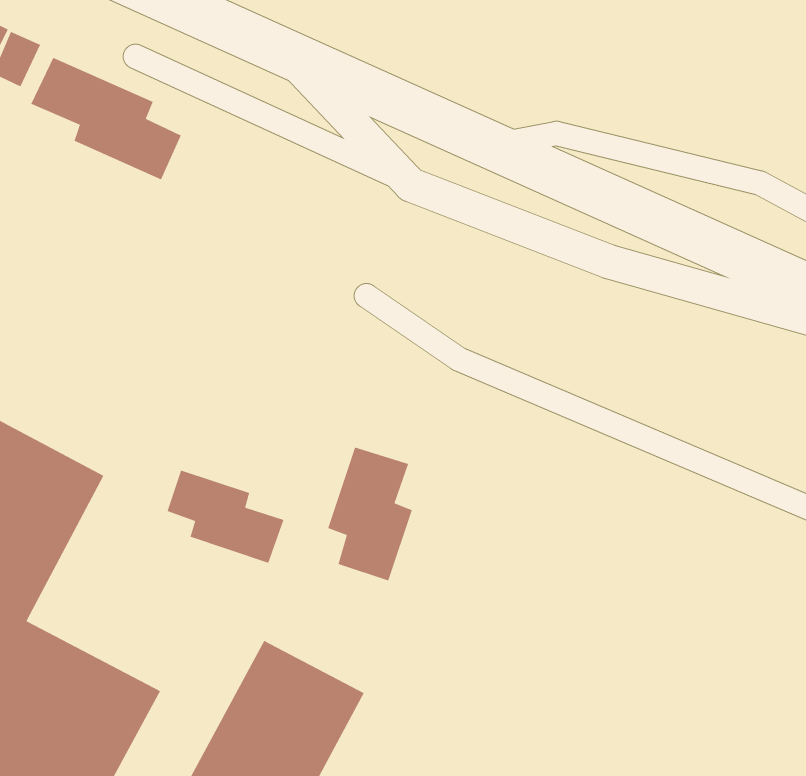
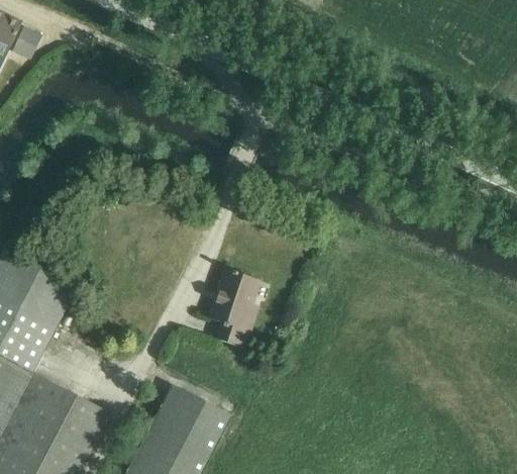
building: [30,57,182,180] -> none
building: [167,469,285,564] -> none

